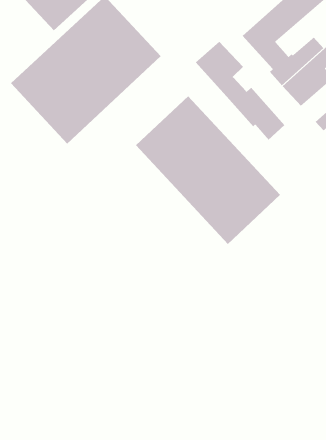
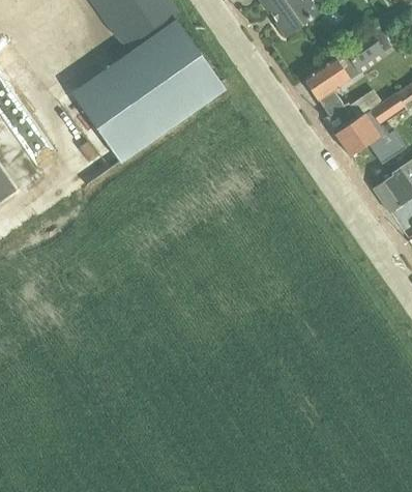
building: [195,41,285,140] -> none
building: [135,96,281,245] -> none

